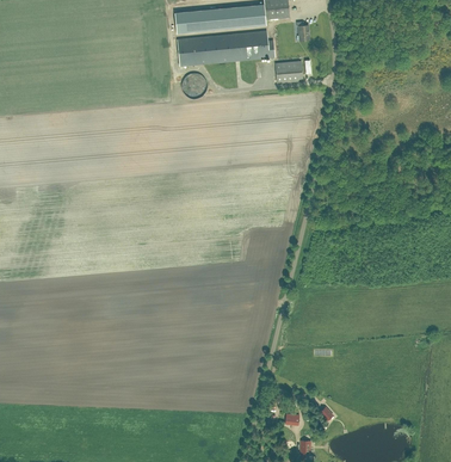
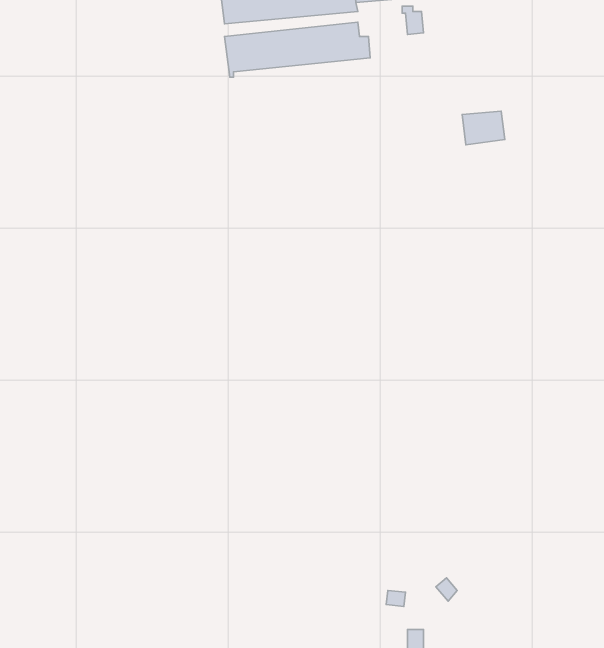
building: [274,61,303,84] -> [462,111,505,145]

